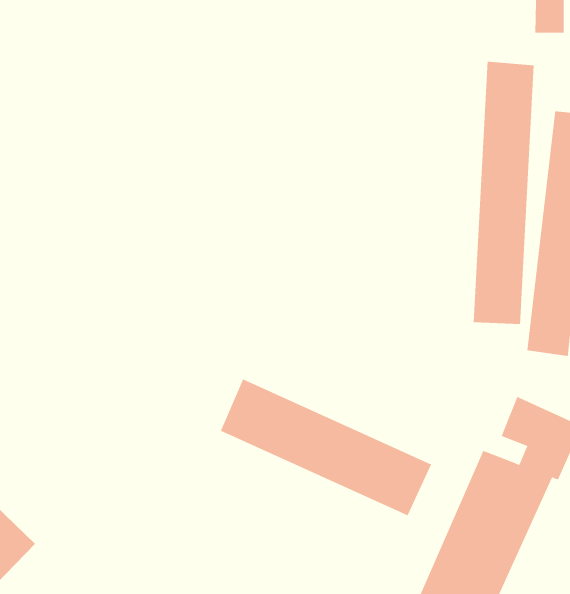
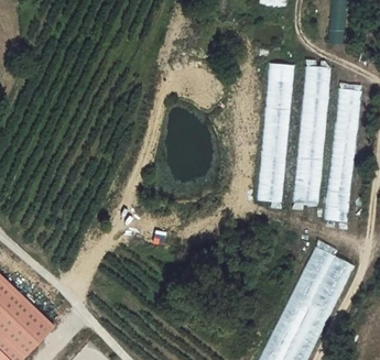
building: none -> [259,64,292,203]
building: [220,378,432,516] -> none

